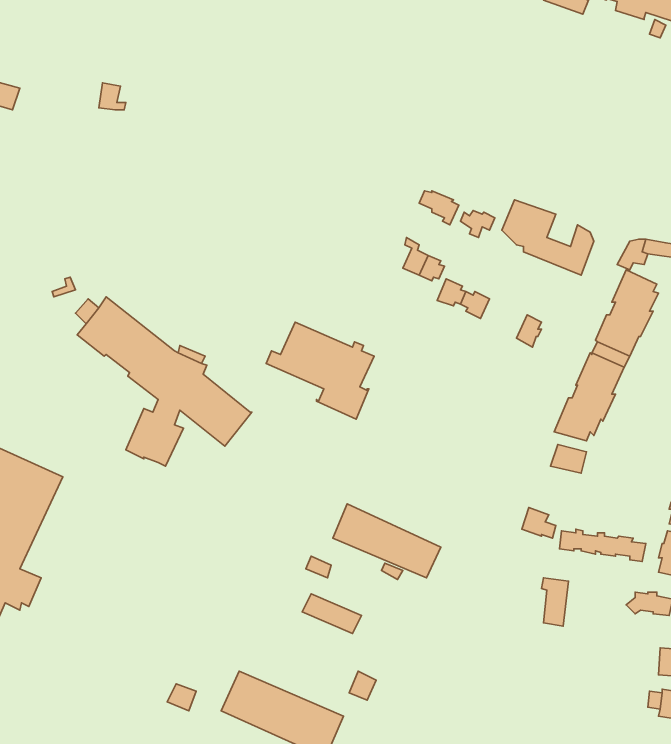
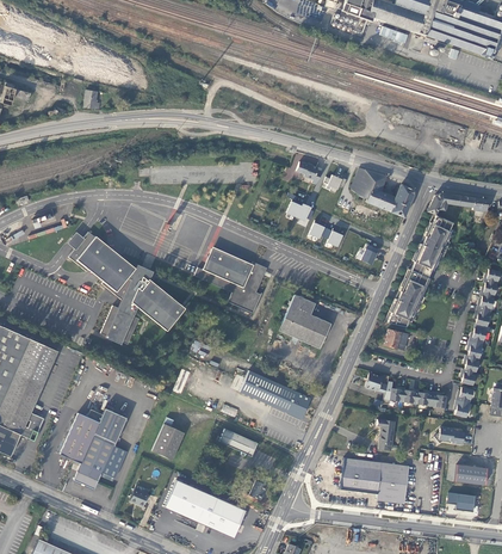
building: none -> [278,294,330,347]
building: none -> [60,407,128,488]
building: none -> [151,417,184,460]
building: none -> [340,457,408,504]

